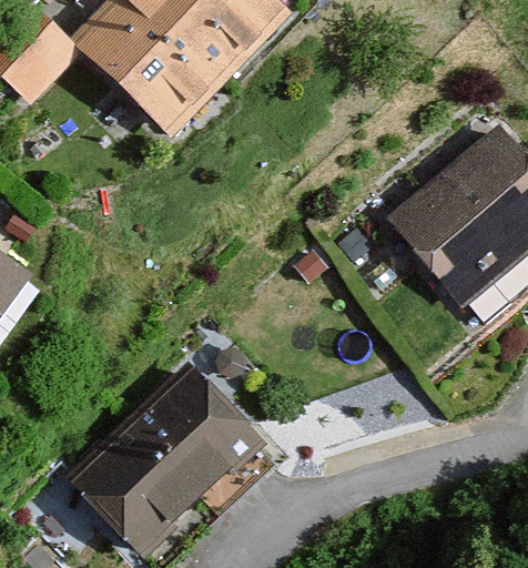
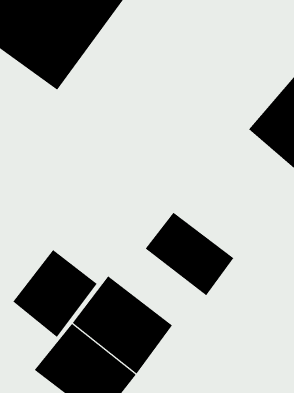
building: none -> [145,212,234,296]
building: none -> [12,249,97,338]

